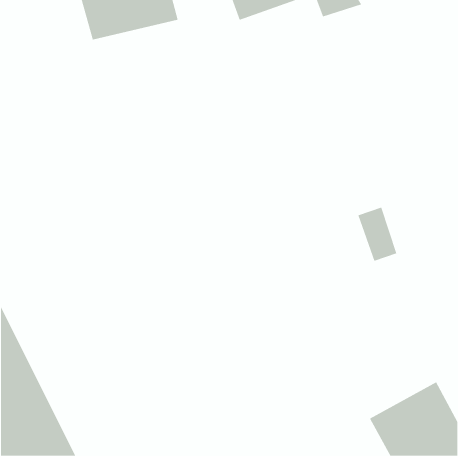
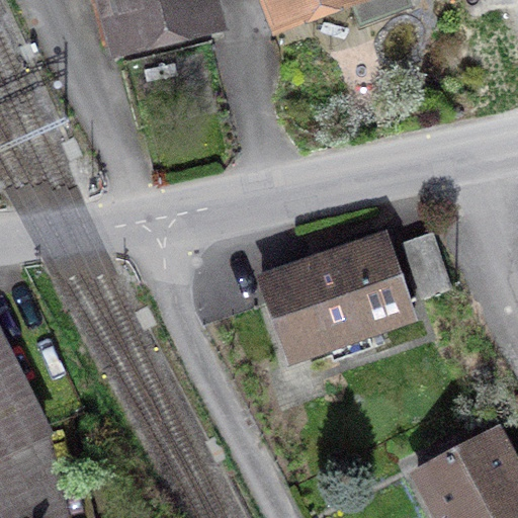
building: none -> [262,240,410,356]

